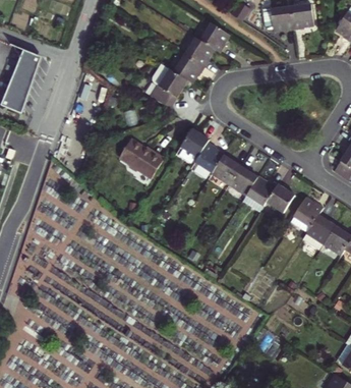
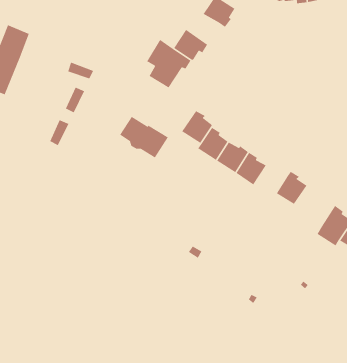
building: [184,36,214,67] -> none
building: [242,176,276,211] -> none
building: [290,198,323,231] -> none

